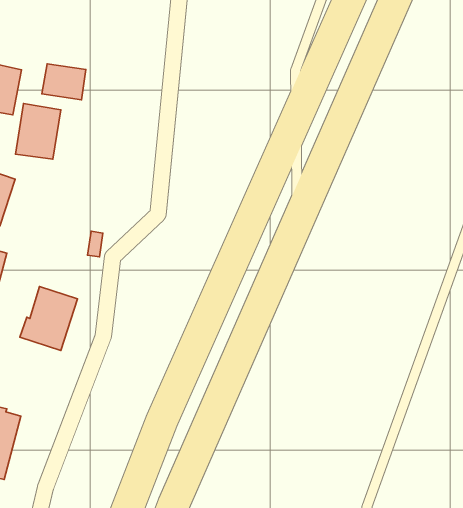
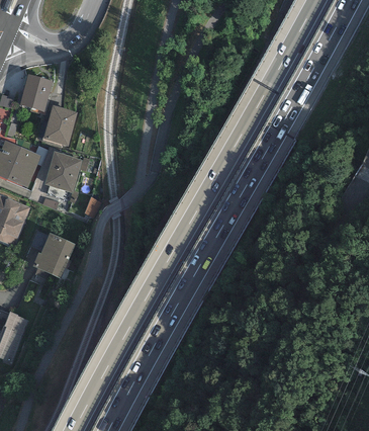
building: [42,64,86,100] -> none
building: none -> [43,151,81,192]

